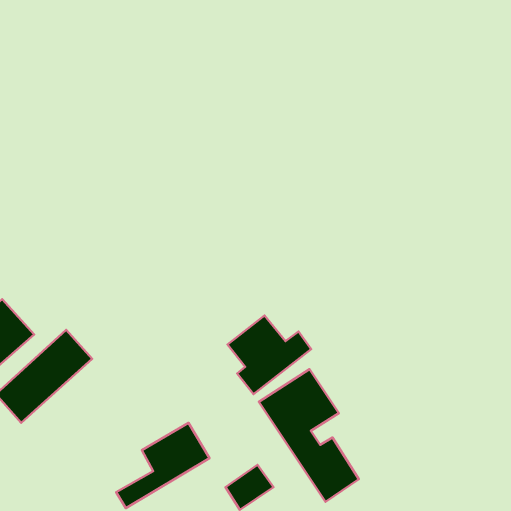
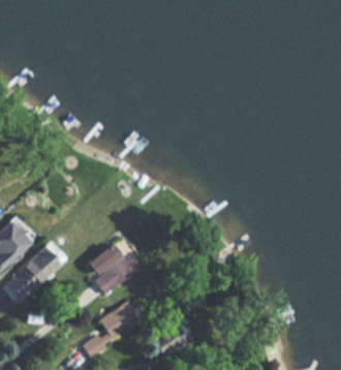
building: [228,316,311,394] -> [89,244,143,295]
building: [259,369,359,502] -> none

